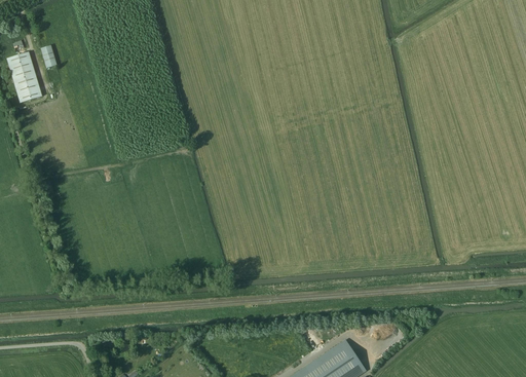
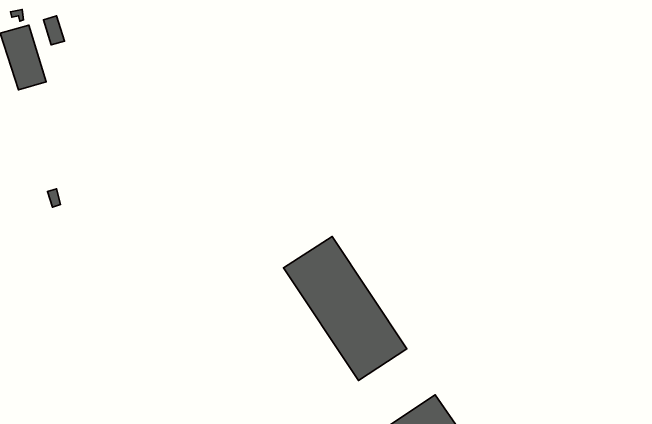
building: none -> [284,236,407,380]

